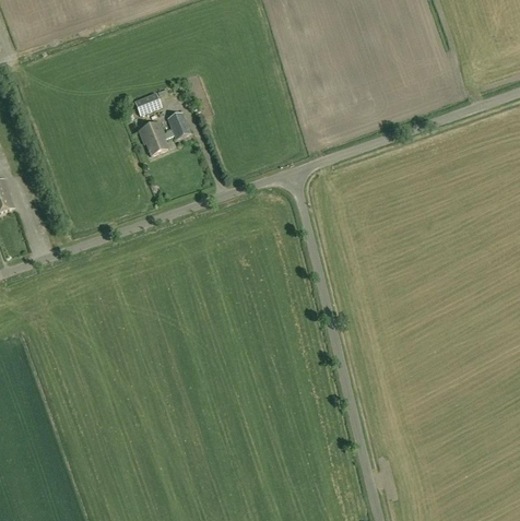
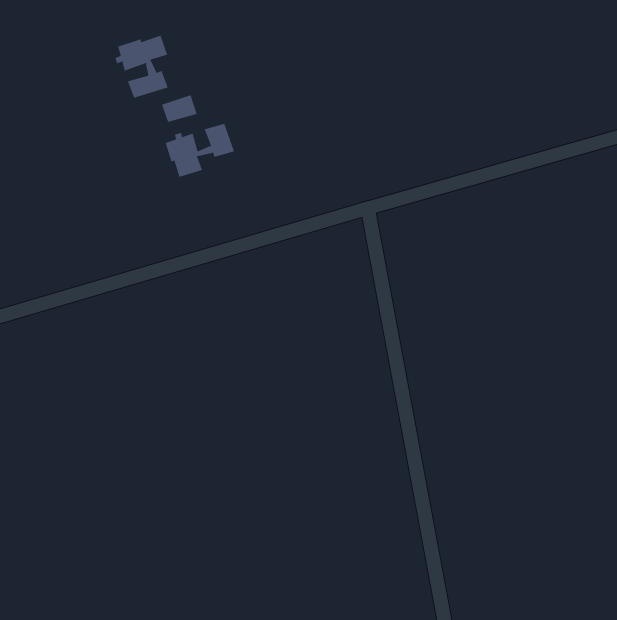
building: none -> [115,35,168,99]

